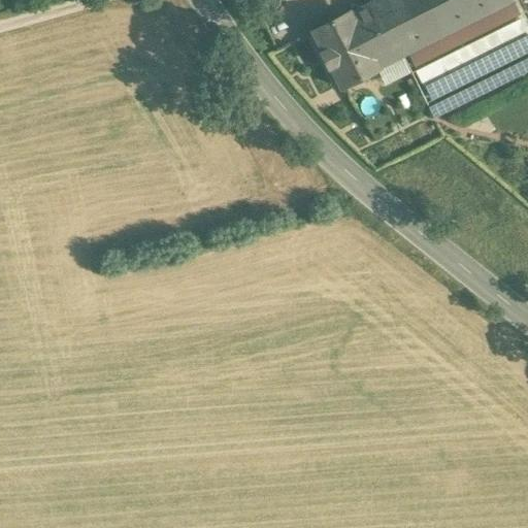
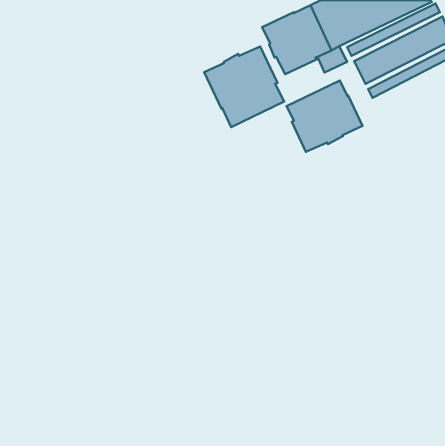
building: none -> [204,46,284,127]
building: none -> [286,80,362,152]

